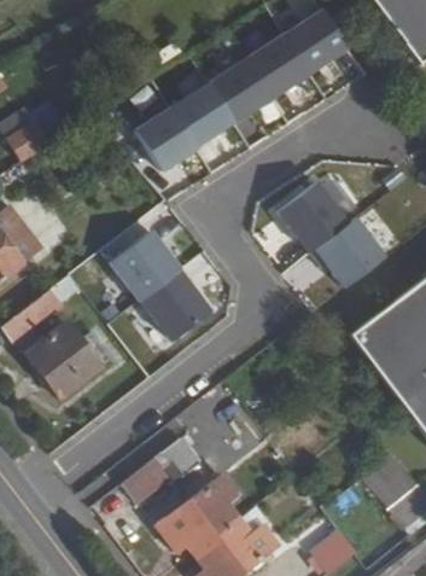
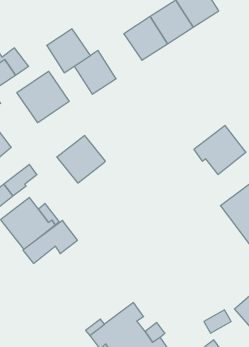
building: [171,82,235,146] -> [47,29,90,73]
building: none -> [17,71,69,123]
building: [279,181,349,251] -> none
building: [142,269,212,341] -> none
building: [126,437,205,500] -> [23,220,77,263]

